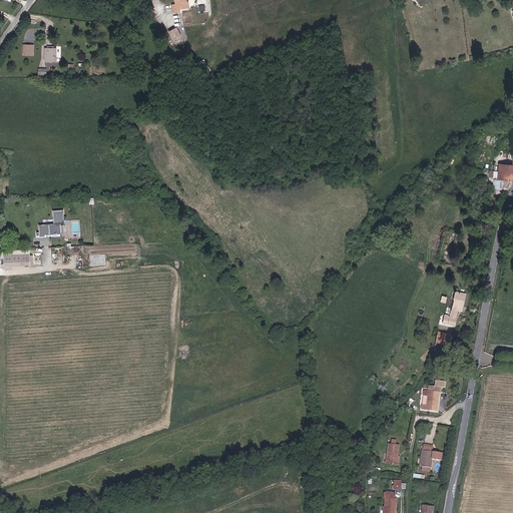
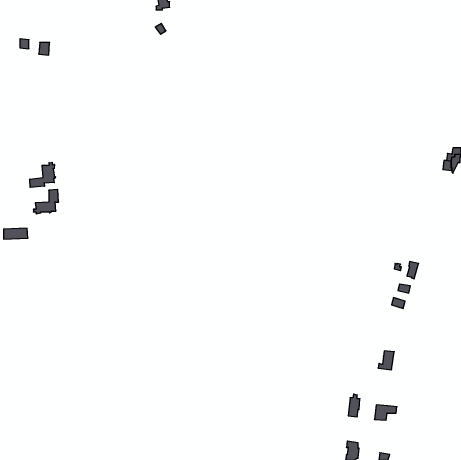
building: none -> [30,162,55,187]

